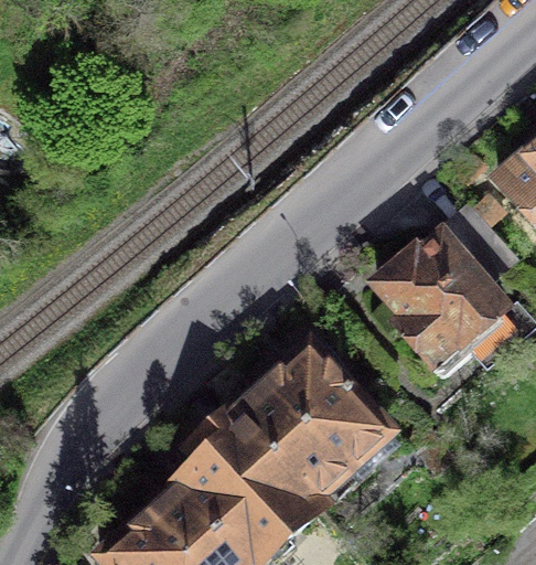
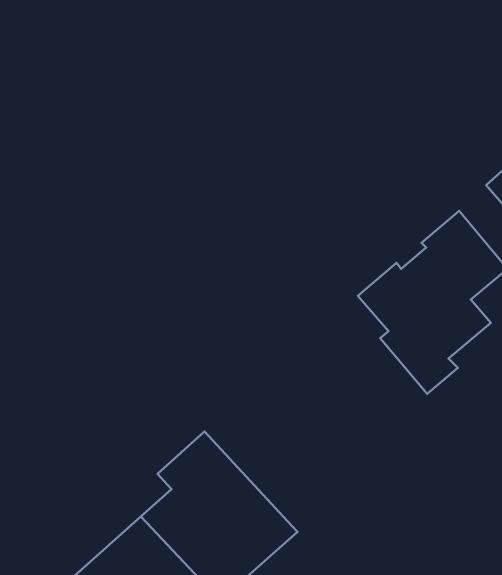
building: [233,344,389,501] -> none

